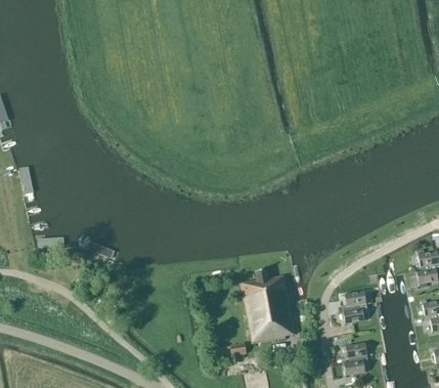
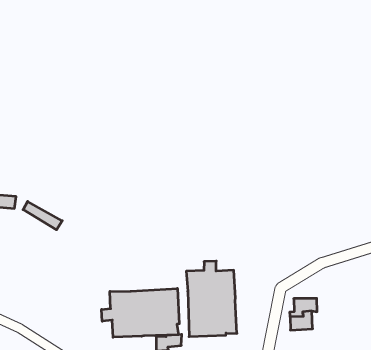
building: none -> [102,288,179,337]

